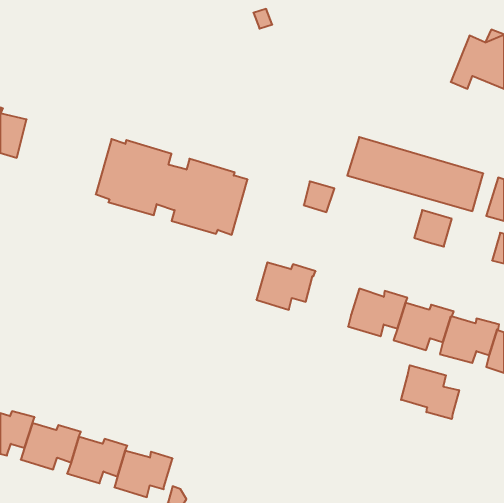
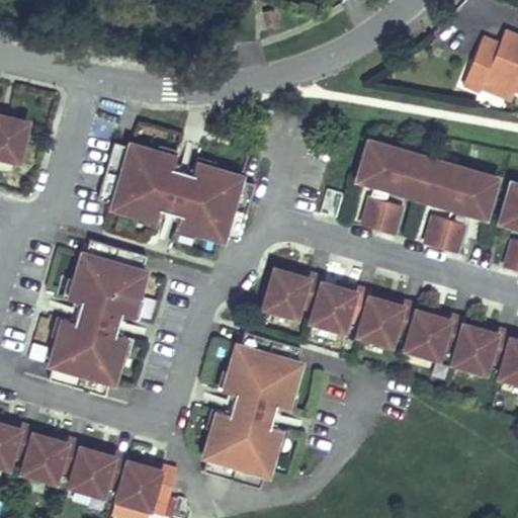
building: none -> [362,197,401,236]
building: none -> [49,241,146,398]
building: none -> [310,284,370,332]
building: none -> [203,333,300,490]
building: [401,365,459,419] -> none

